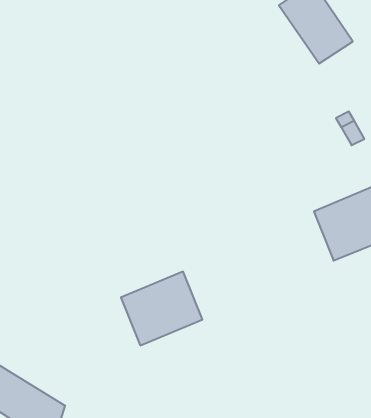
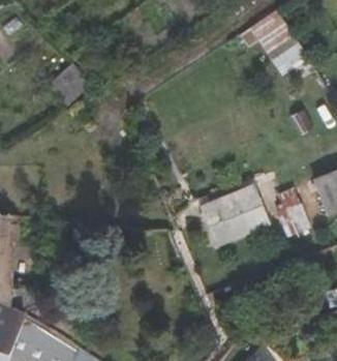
building: none -> [48,63,90,104]
building: [121,272,202,345] -> [203,185,268,244]

